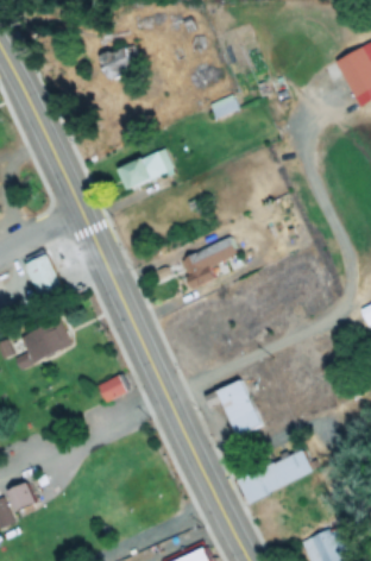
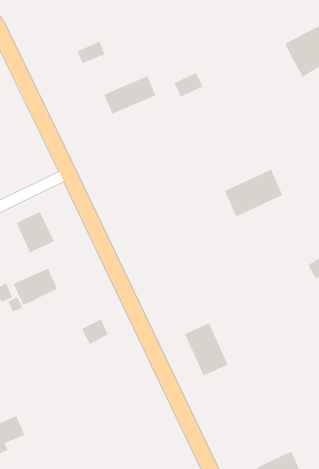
building: [112,149,171,193] -> [104,76,156,114]
building: [174,237,240,291] -> [224,169,283,217]
building: [238,449,316,503] -> none

